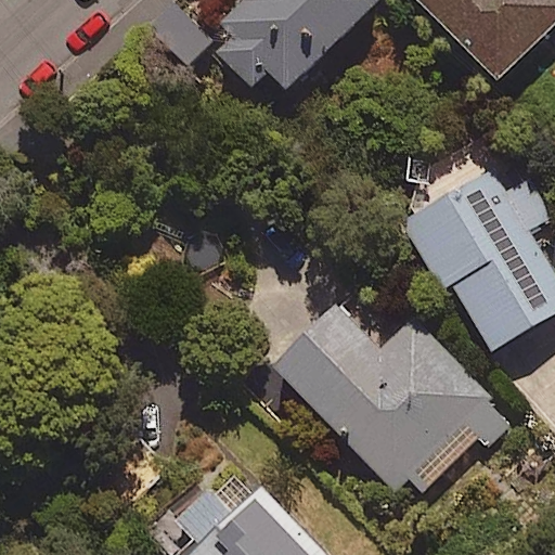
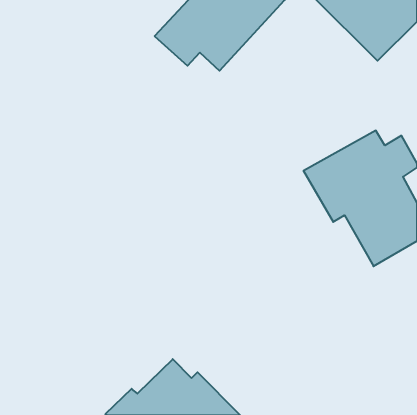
building: [275,305,512,490] -> none

